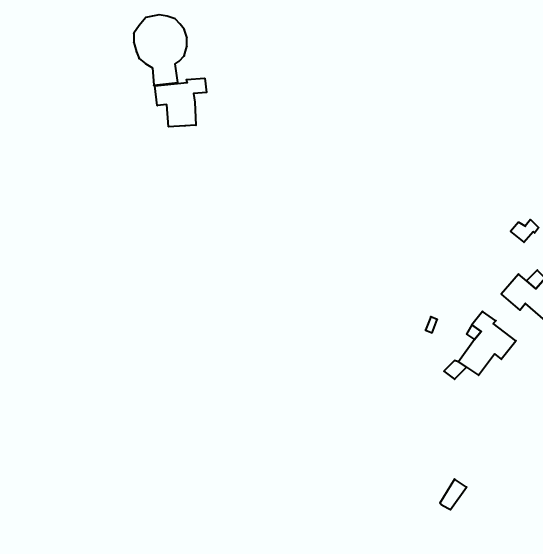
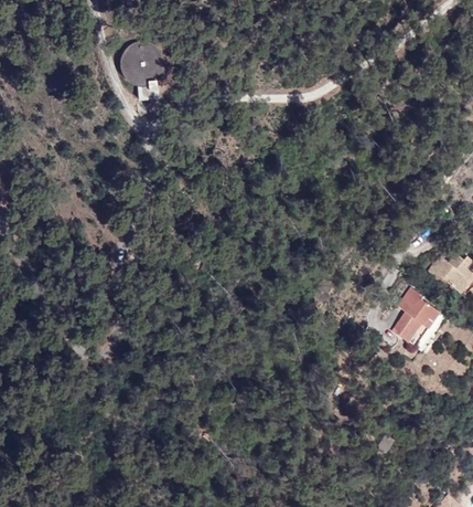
building: [155,78,207,127] -> none

